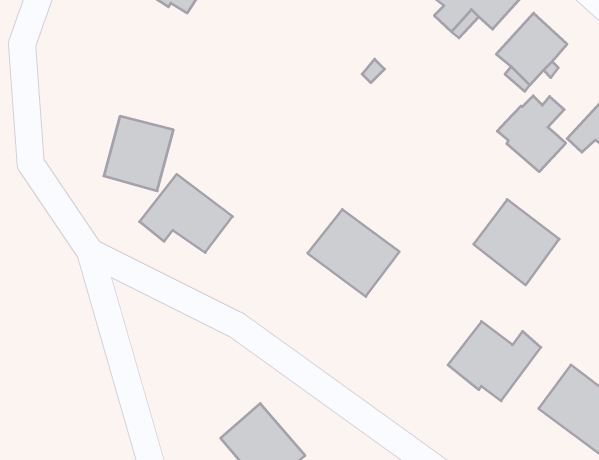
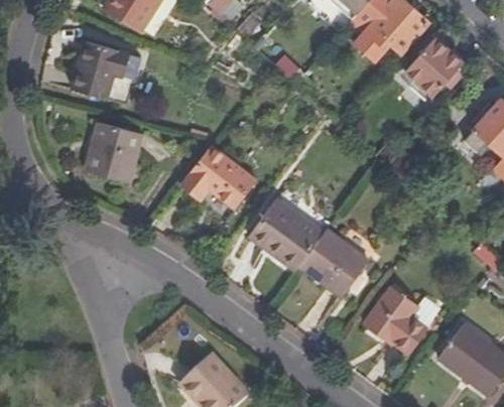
building: none -> [76,39,132,96]
building: [497,96,566,172] -> none
building: [139,174,233,253] -> [180,147,256,211]
building: [474,199,559,285] -> [300,228,370,297]

